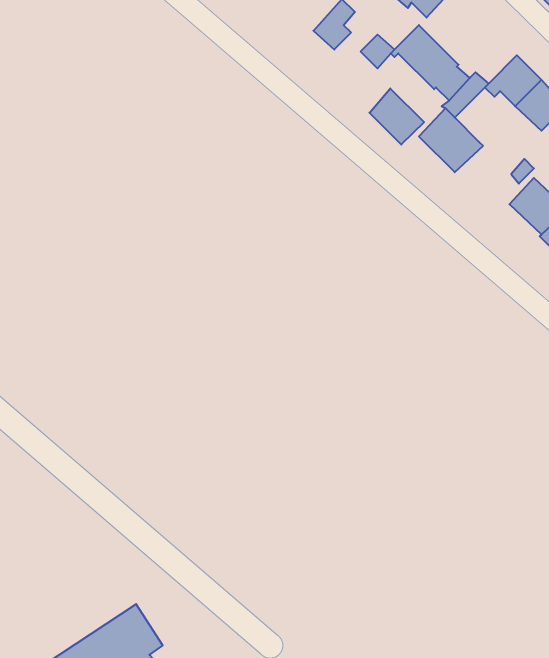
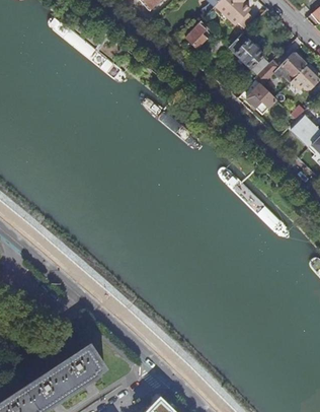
building: [369,88,424,145] -> none

